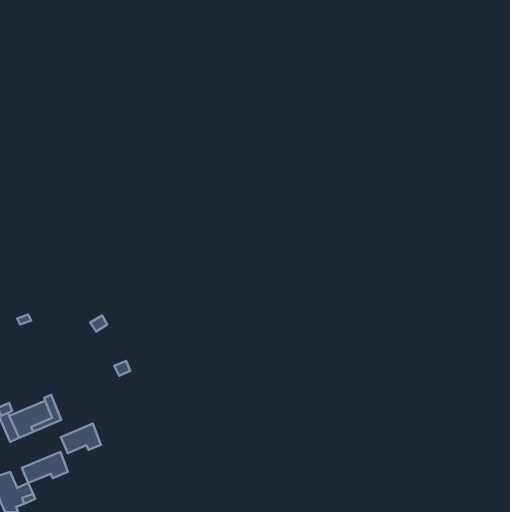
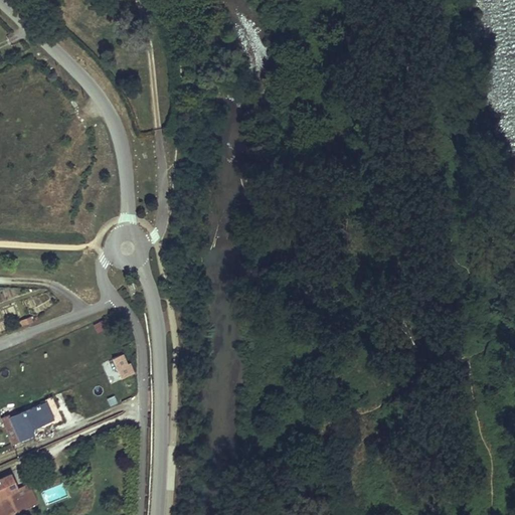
building: [61,424,101,453] -> none
building: [22,452,68,483] -> none

